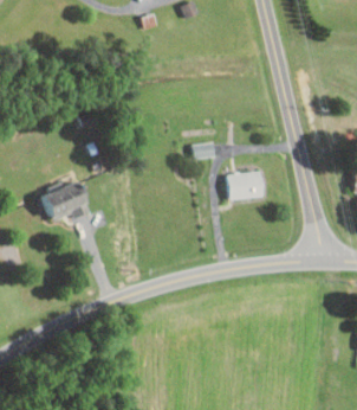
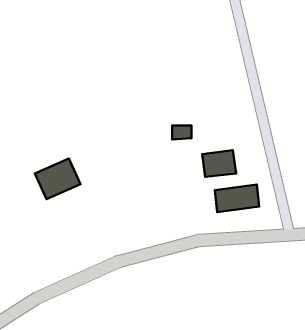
building: none -> [215,185,259,212]

